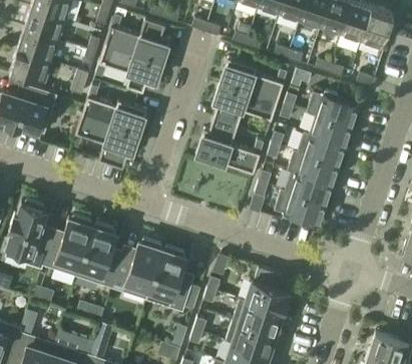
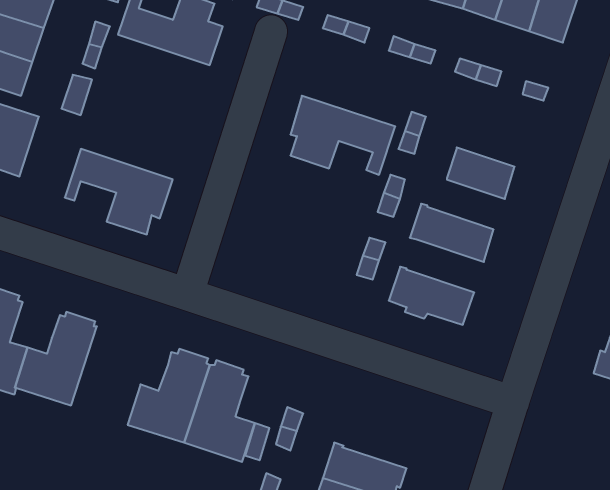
building: [95,45,162,93] -> none
building: [220,59,287,102] -> none
building: [82,86,146,134] -> none
building: [306,92,359,127] -> none
building: [196,120,264,173] -> none
building: [298,132,346,166] -> none
building: [285,172,333,206] -> none
building: [76,225,119,288] -> none
building: [245,278,290,315] -> none

